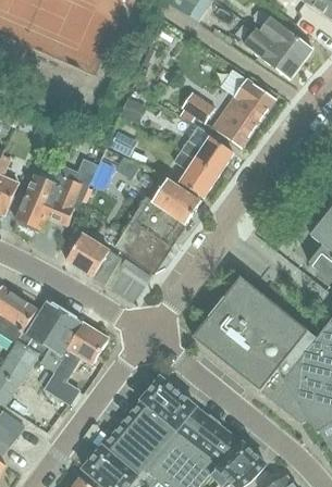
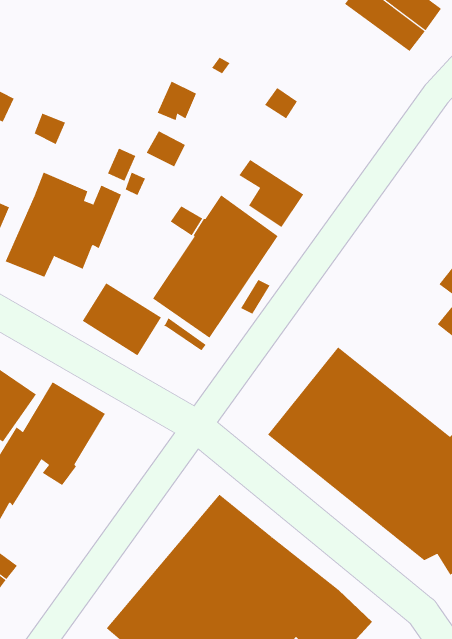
building: [212,77,274,147] -> none
building: [181,123,233,173] -> none
building: [44,322,108,404] -> none

